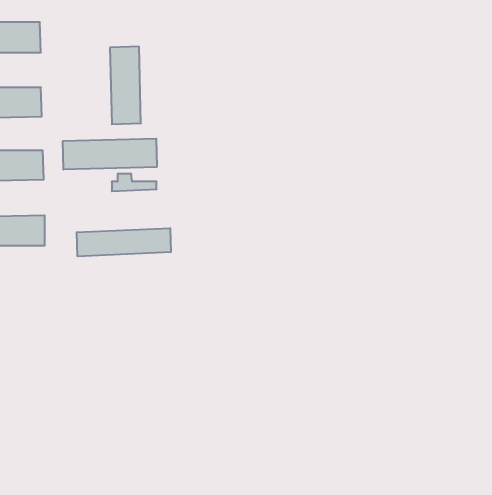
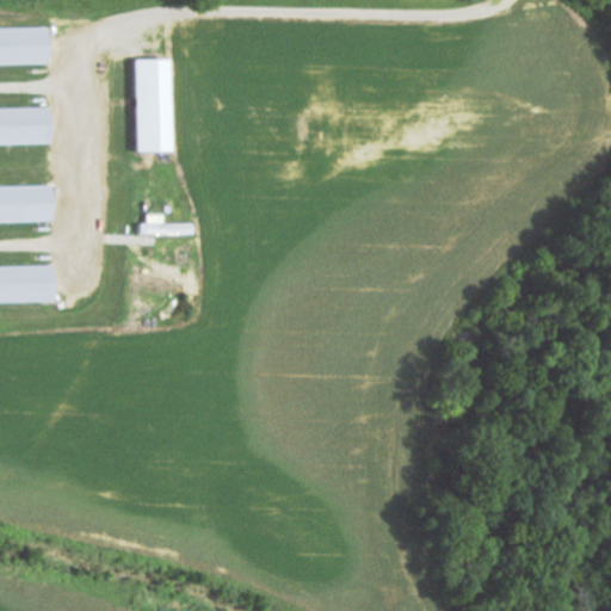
building: [63,139,157,170] -> none
building: [77,228,171,256] -> none

